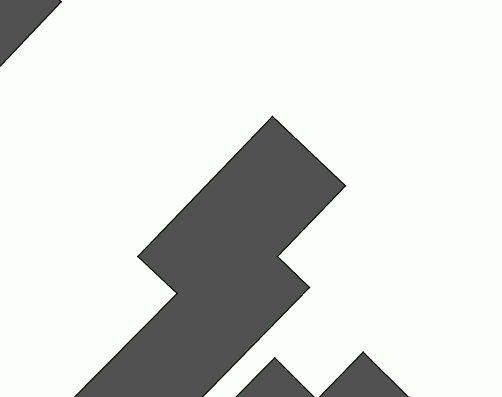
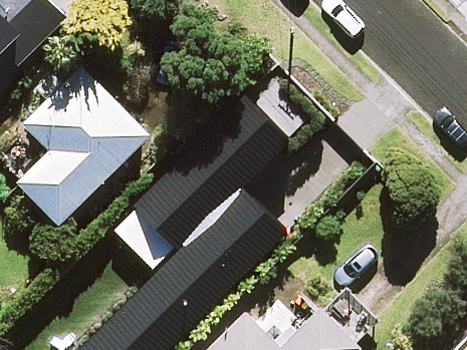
building: none -> [17,67,149,224]

